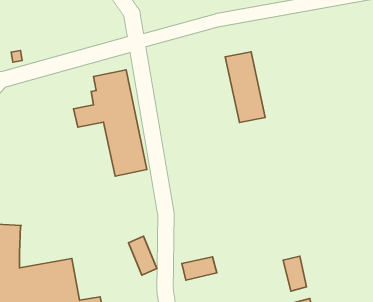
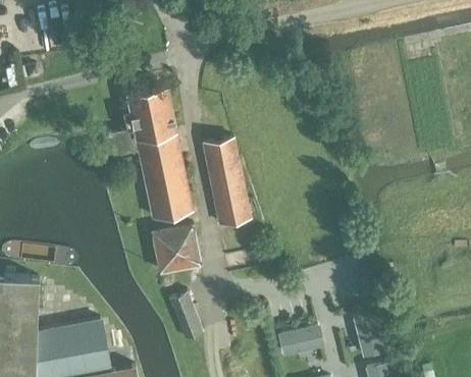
building: [225,52,265,122] -> [202,138,251,224]
building: none -> [149,223,201,273]
building: [182,257,217,280] -> [283,326,326,355]

